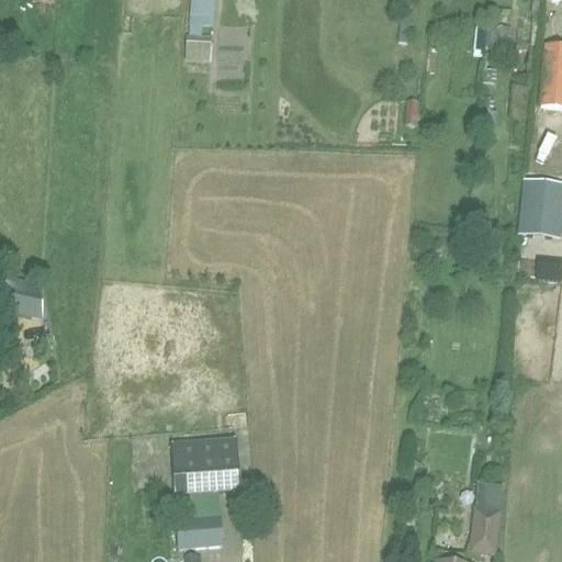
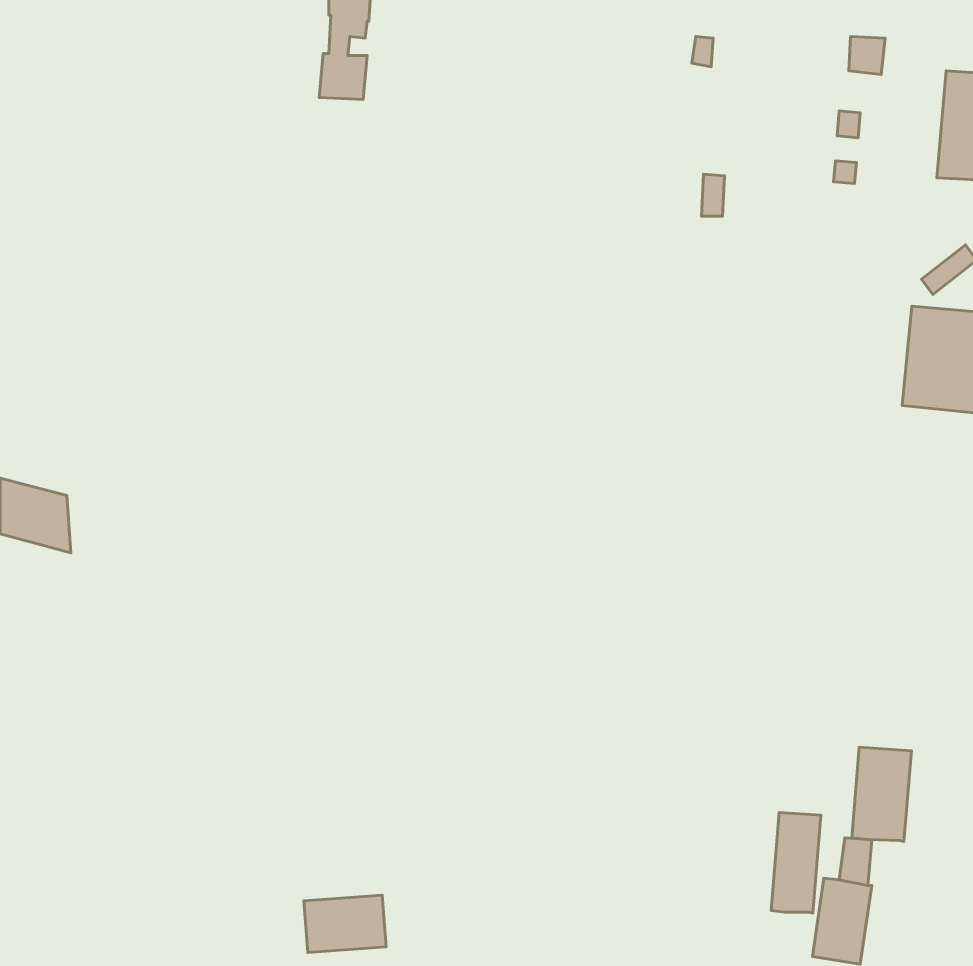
building: none -> [852,747,911,841]
building: [170,437,241,505] -> none
building: none -> [771,812,821,913]

